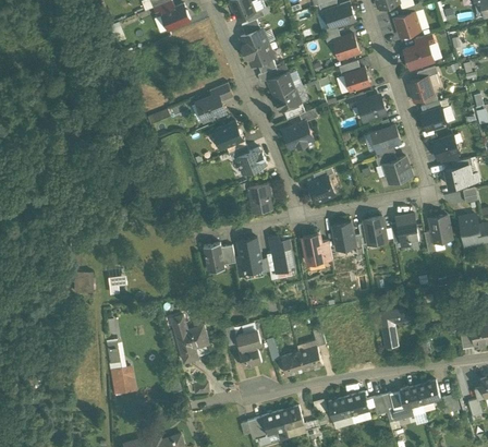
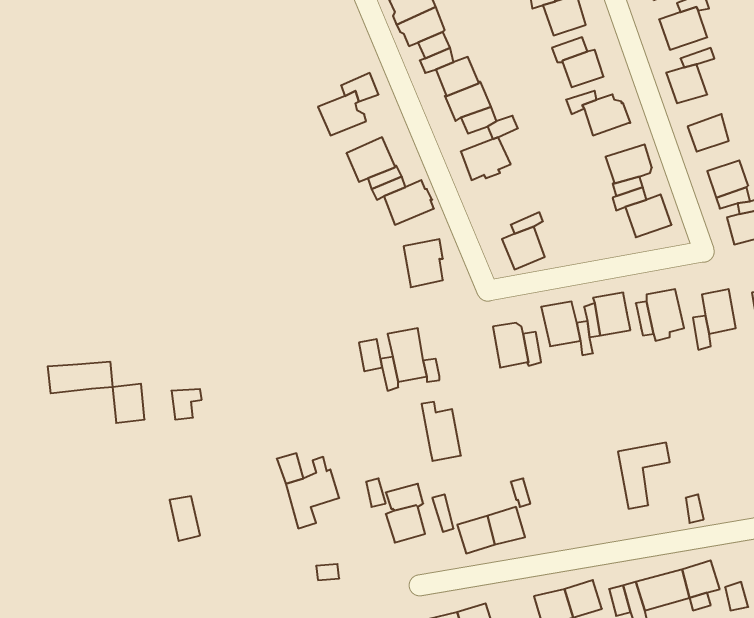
building: [269,237,293,273] -> [422,402,461,461]
building: [203,243,224,271] -> none
building: none -> [48,362,112,393]
building: [110,365,133,392] -> none

